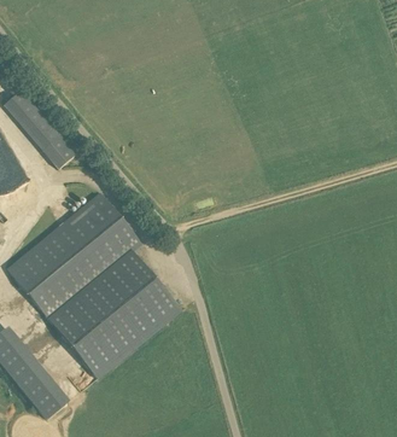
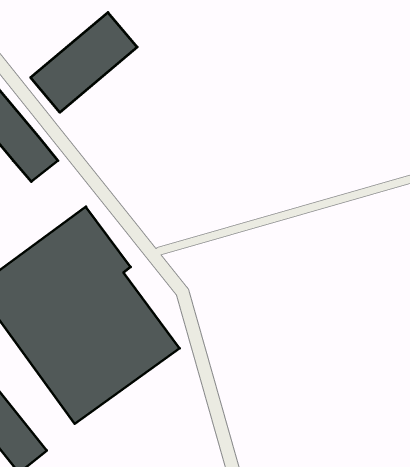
building: none -> [31,12,137,112]

